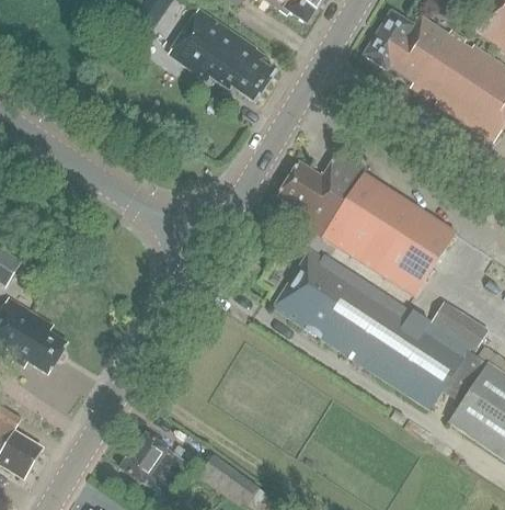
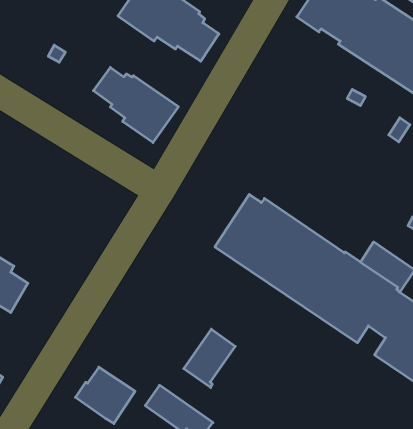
building: none -> [93,67,178,143]
building: [279,155,457,296] -> none
building: none -> [184,329,235,388]

